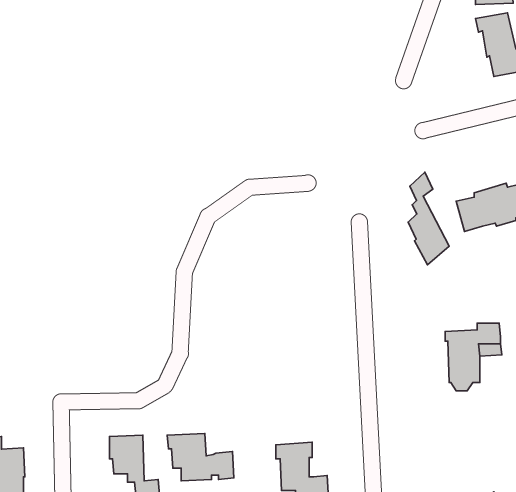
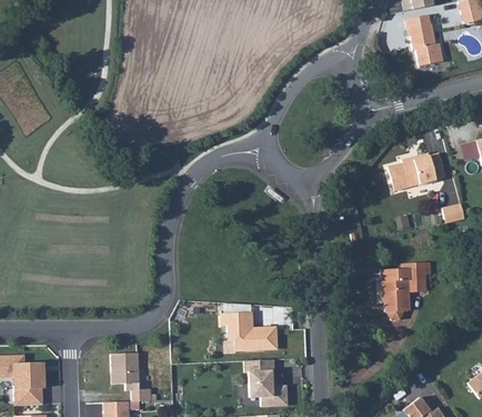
building: [408,172,449,265] -> none
building: [167,434,234,481] -> [223,312,277,350]

